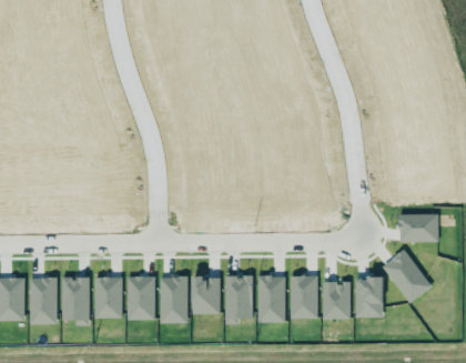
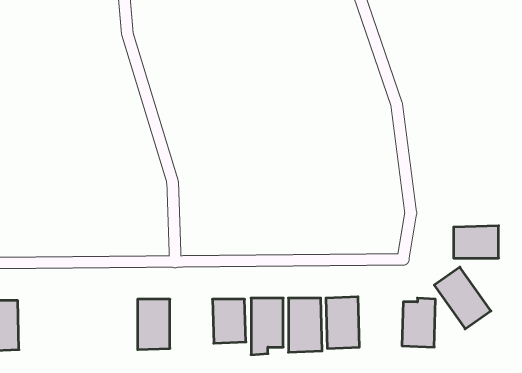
building: [61,276,89,321] -> none
building: [93,276,122,317] -> none
building: [159,276,188,323] -> none
building: [28,278,57,324] -> none
building: [322,281,351,319] -> none

